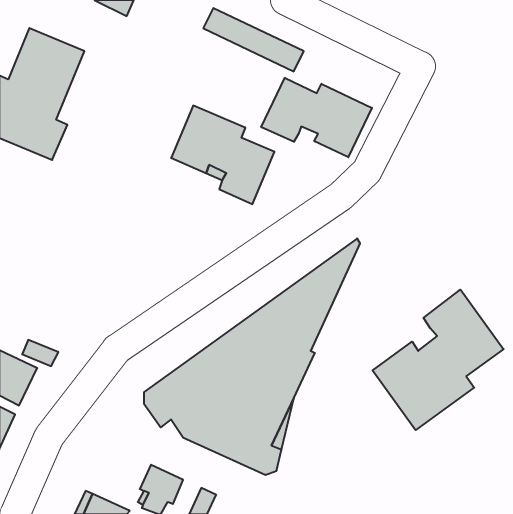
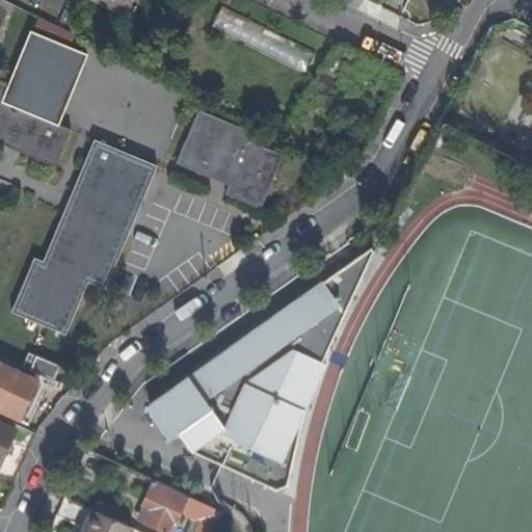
building: [261,78,372,157] -> none
building: none -> [12,140,156,332]
building: [373,290,504,430] -> none

